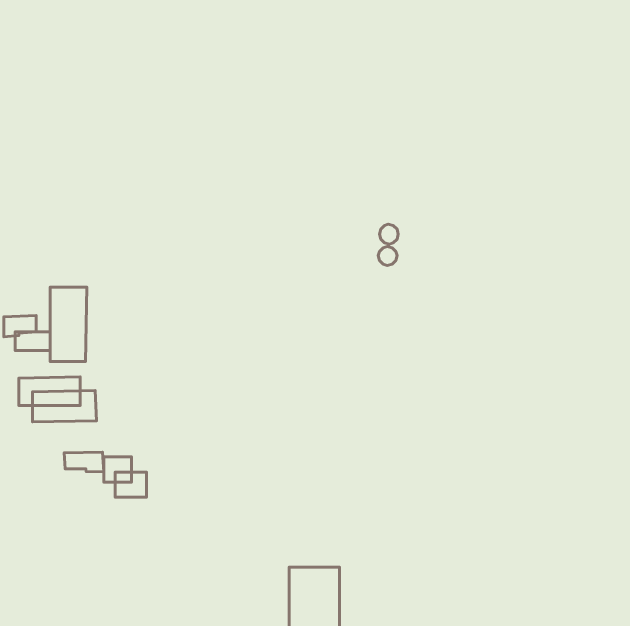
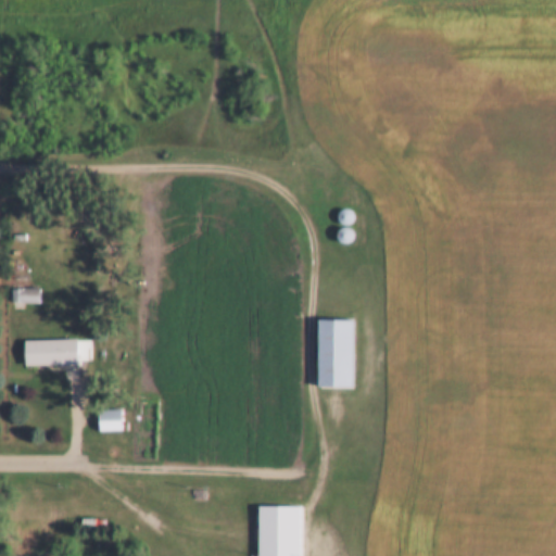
building: [50,287,87,361] -> none
building: none -> [317,318,354,387]
building: [64,452,104,472] -> none

